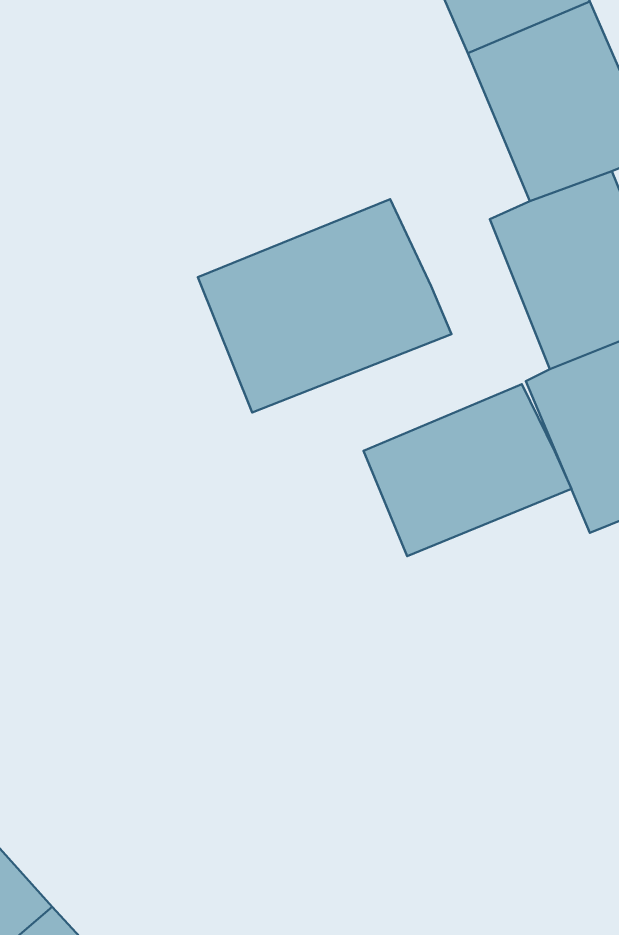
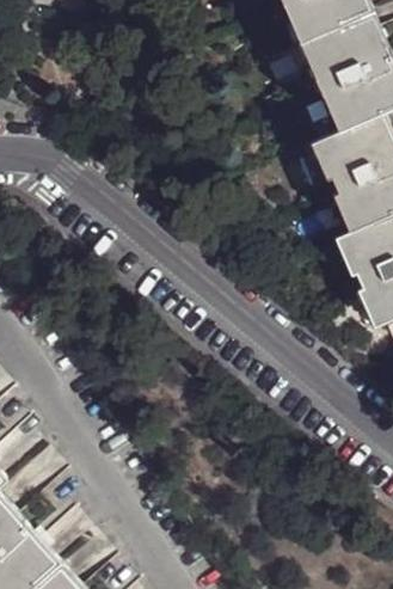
building: [198,199,451,413] -> none
building: [363,384,571,556] -> none

